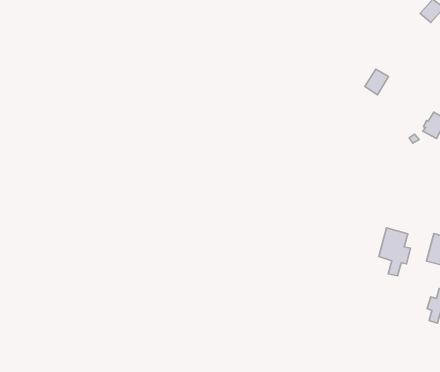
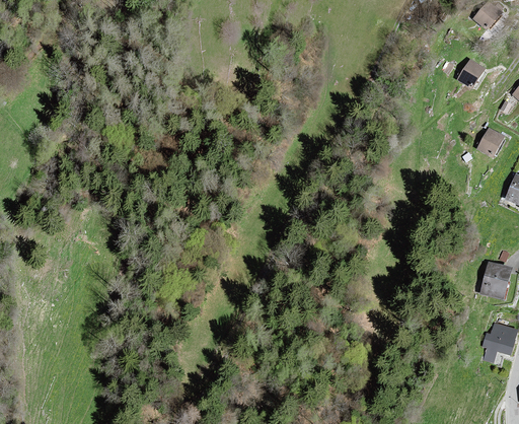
building: [365,69,389,95] -> [458,59,485,87]
building: [379,228,410,276] -> none

